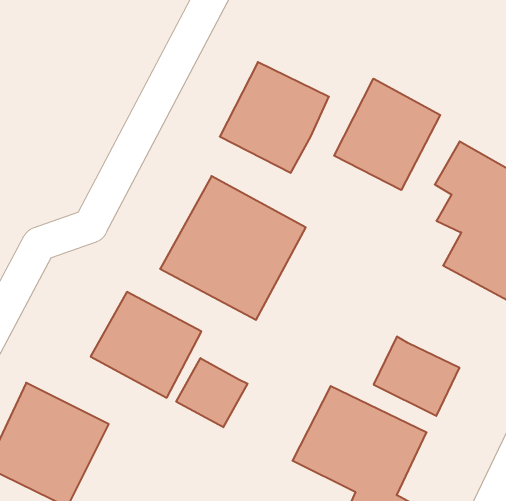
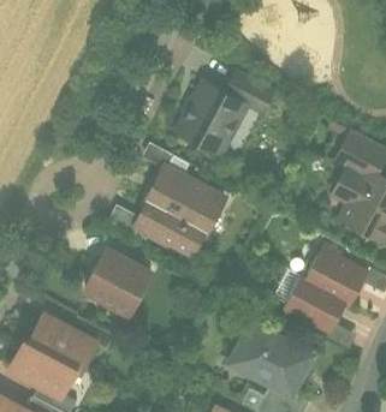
building: [334,79,440,190] -> none
building: none -> [309,250,369,303]
building: [176,358,248,427] -> none

